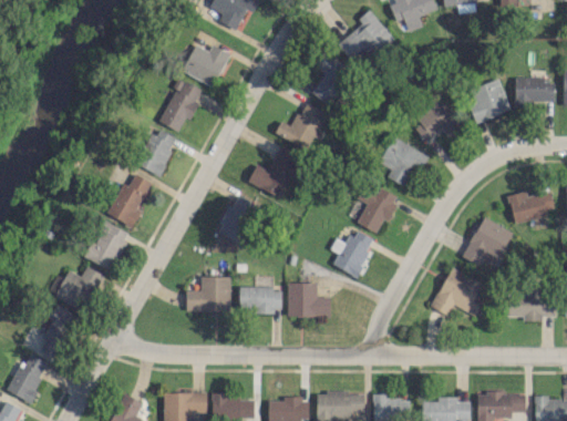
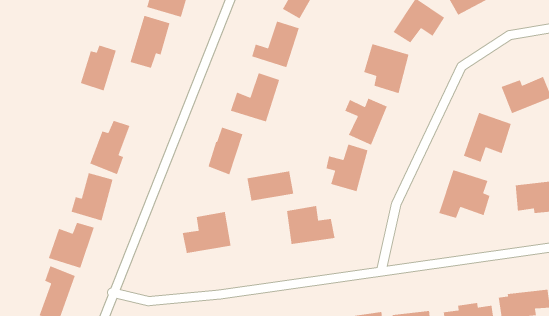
building: [137,130,177,175] -> [80,45,117,92]
building: [239,287,282,311] -> [246,170,294,202]

